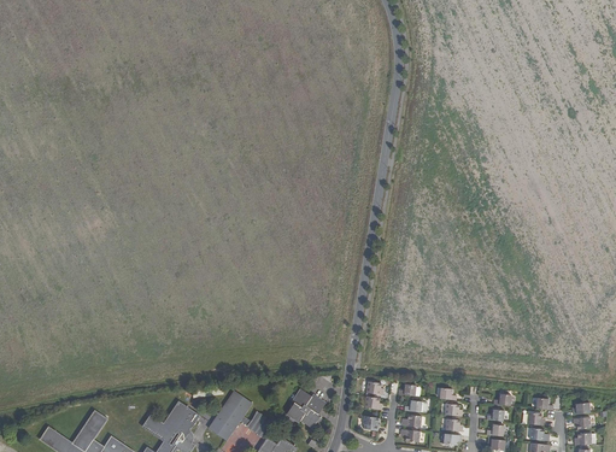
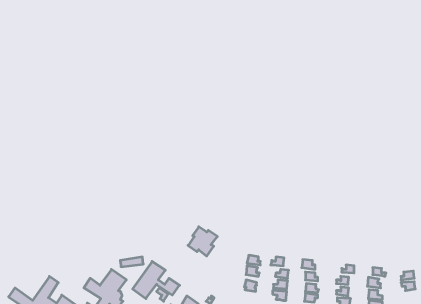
building: [286,388,325,428] -> [188,227,217,256]

